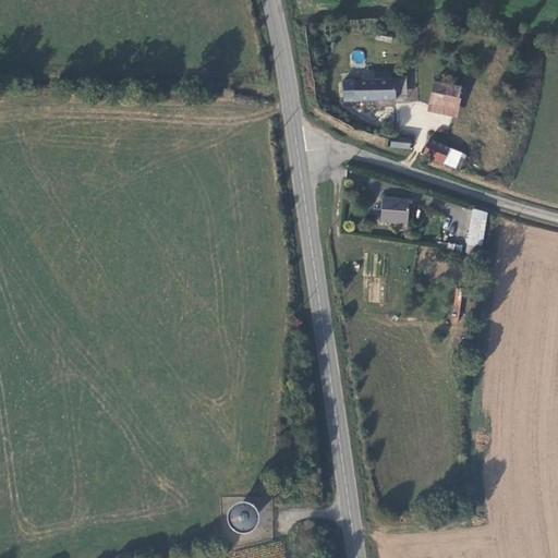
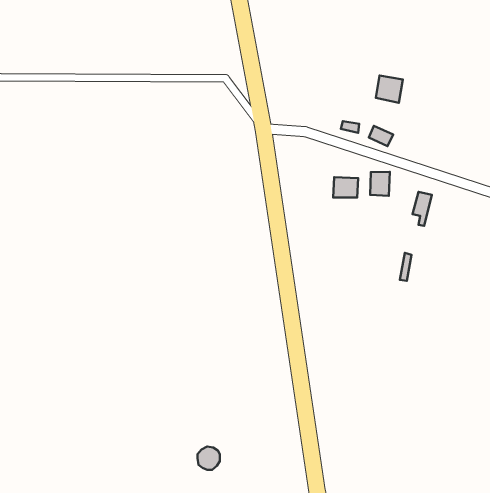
building: [343,74,395,101] -> none
building: none -> [370,172,390,196]

